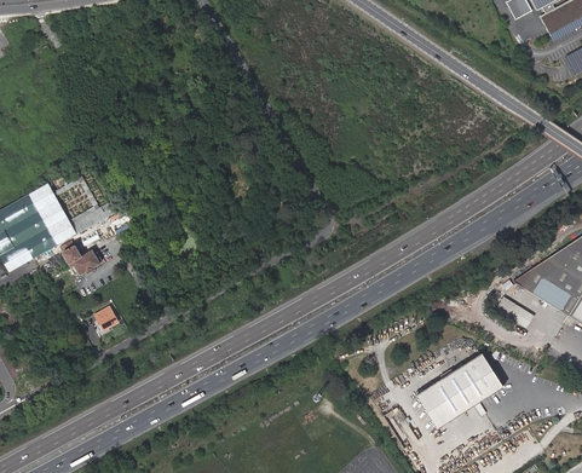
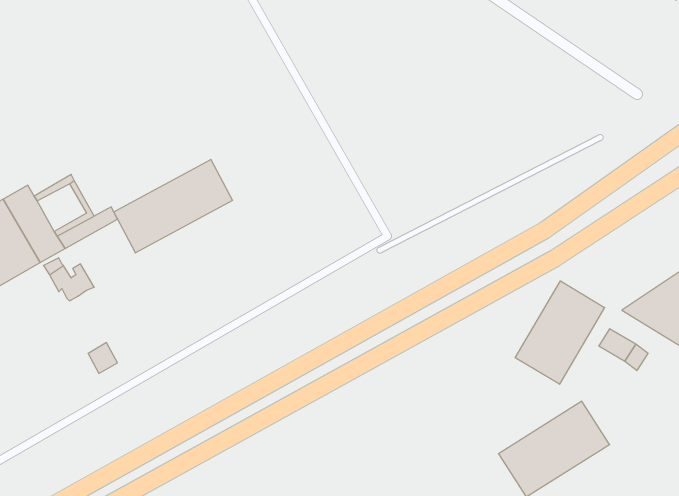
building: none -> [114,159,232,253]
building: none -> [515,281,605,384]

